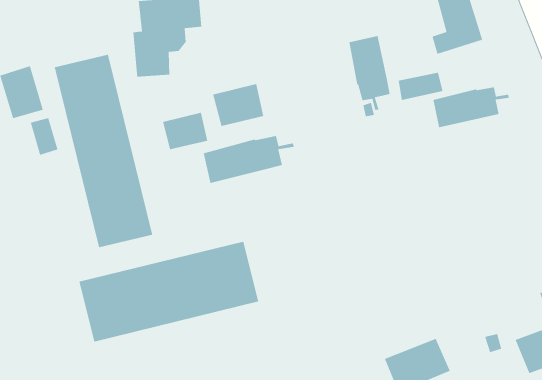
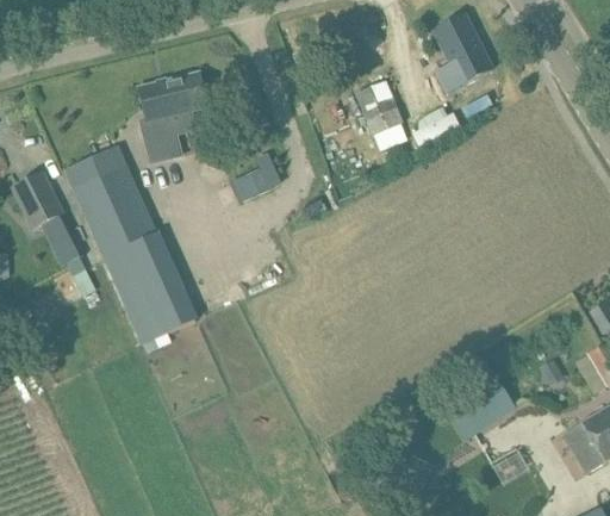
building: [433,87,510,128] -> none
building: [162,112,208,150] -> none
building: [203,135,295,184] -> none
building: [78,241,259,343] -> none

